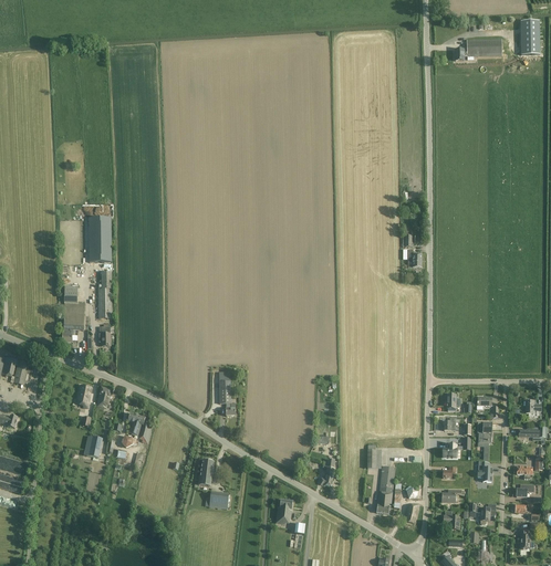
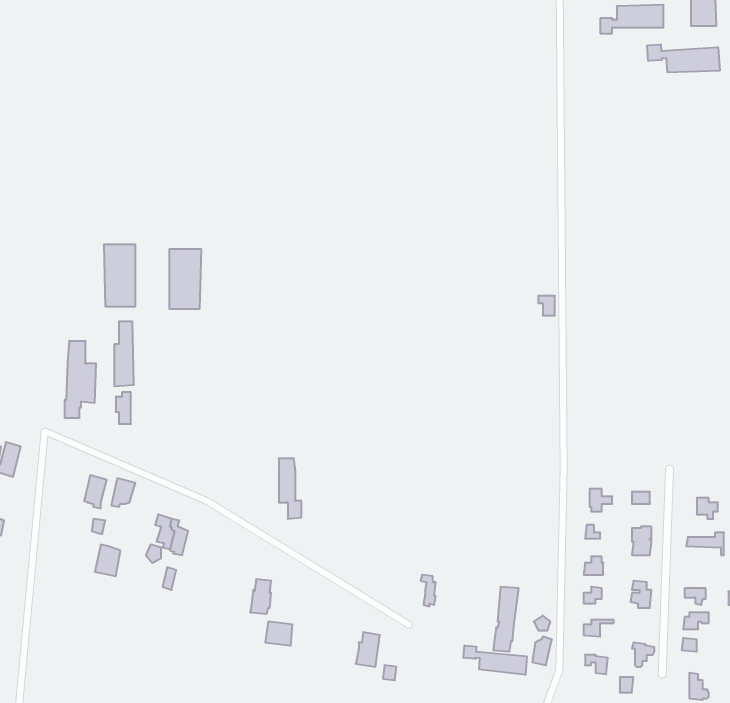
building: none -> [647,44,720,72]
building: none -> [170,249,201,309]
building: none -> [463,645,527,675]

